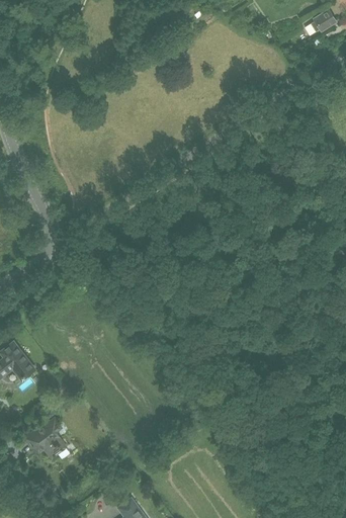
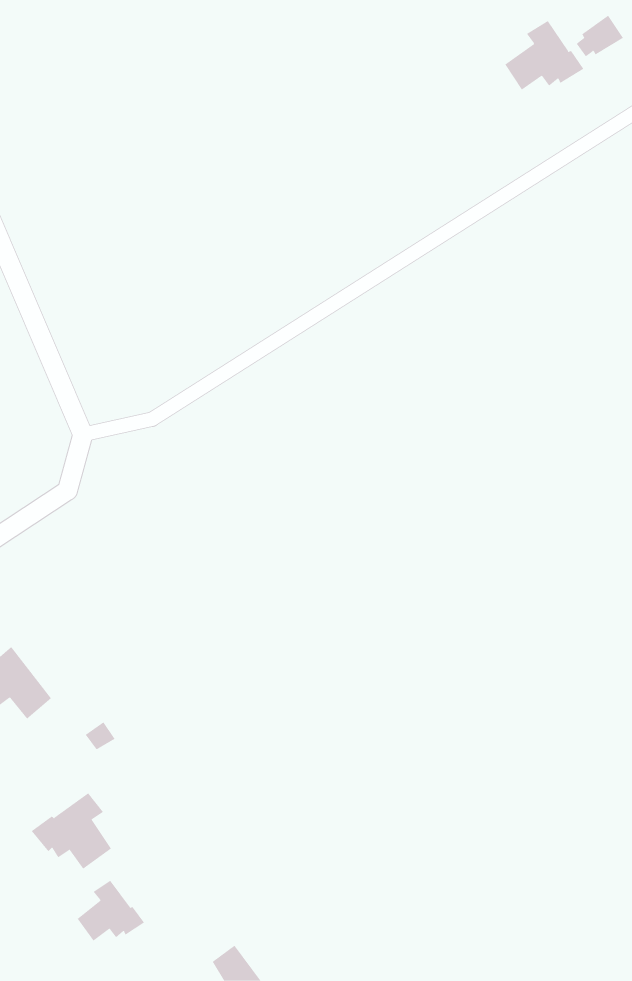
building: none -> [504,20,584,90]
building: none -> [77,880,145,942]

